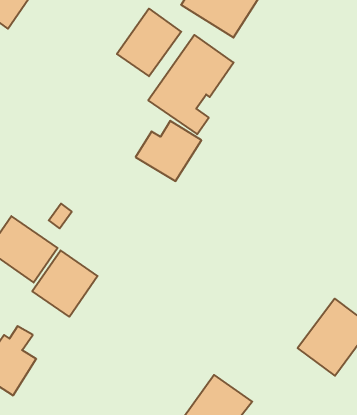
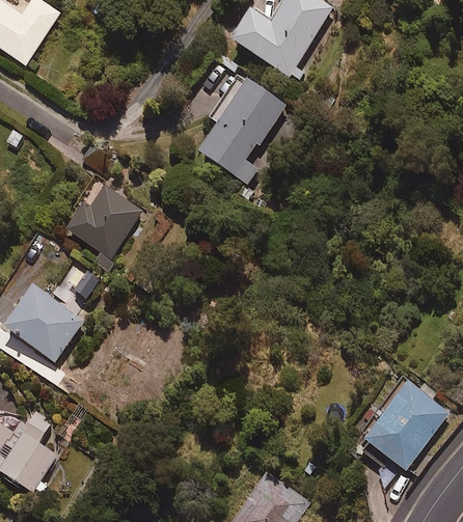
building: [117,9,181,76] -> none
building: [136,121,201,181] -> [63,188,140,258]
building: [32,250,98,317] -> none

